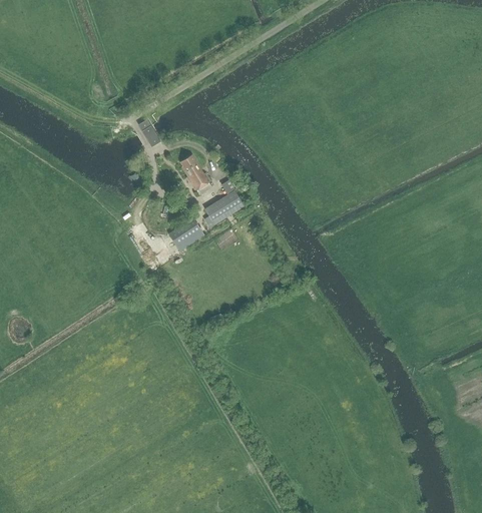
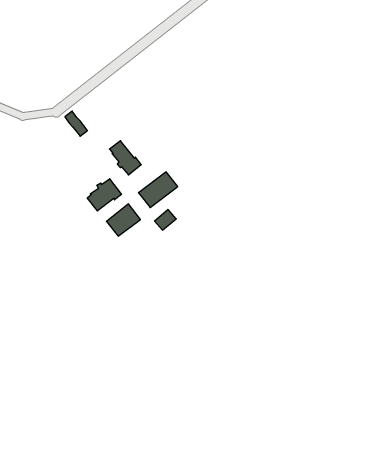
building: none -> [87,179,121,211]

